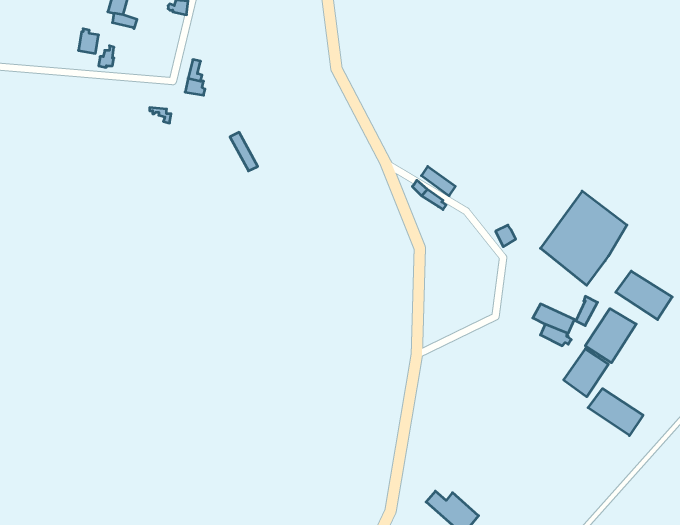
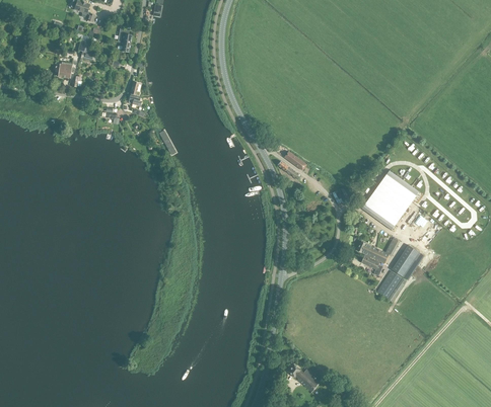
building: [616,271,672,320] -> none
building: [588,389,643,436] -> none

